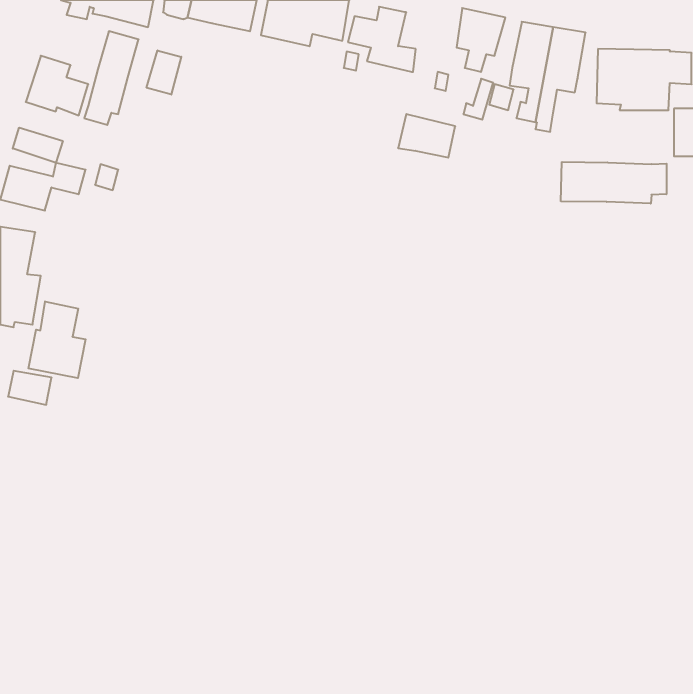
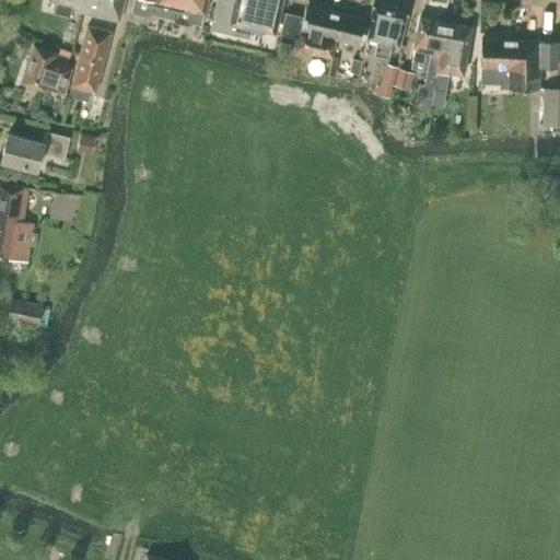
building: [147,50,181,95] -> none
building: [398,114,455,158] -> [322,10,368,45]
building: [13,128,63,163] -> none
building: [561,162,667,204] -> none
building: [28,301,86,378] -> none

